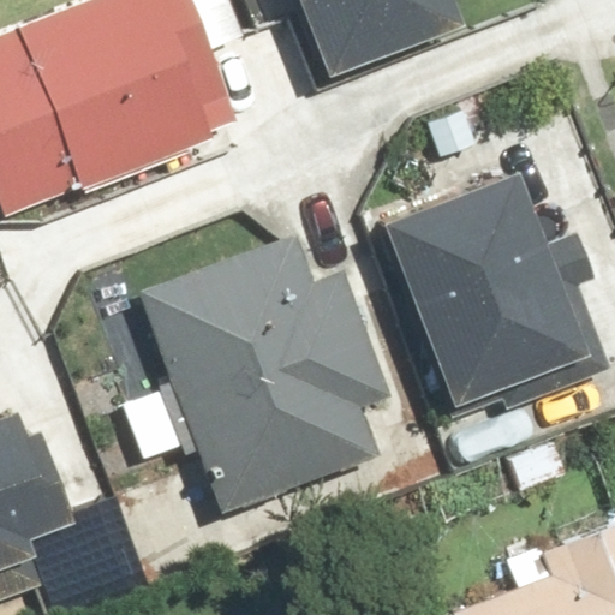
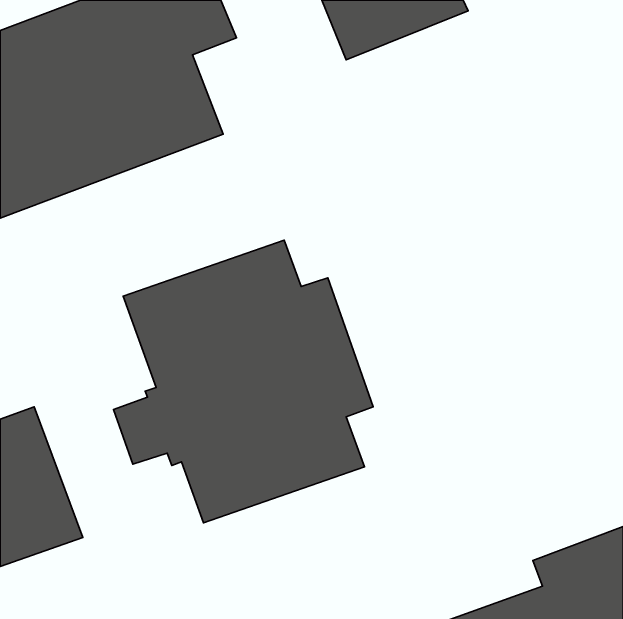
building: [389,163,592,412] -> none

